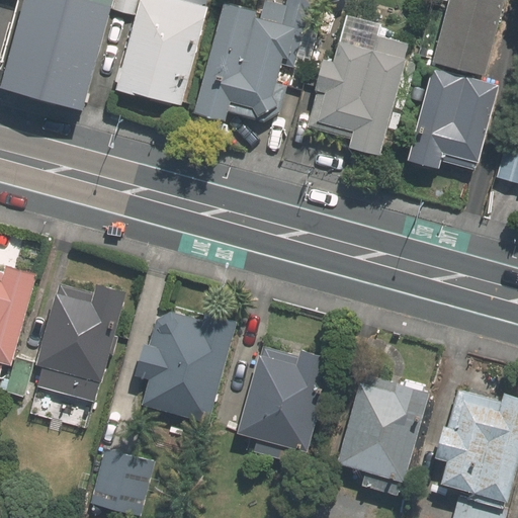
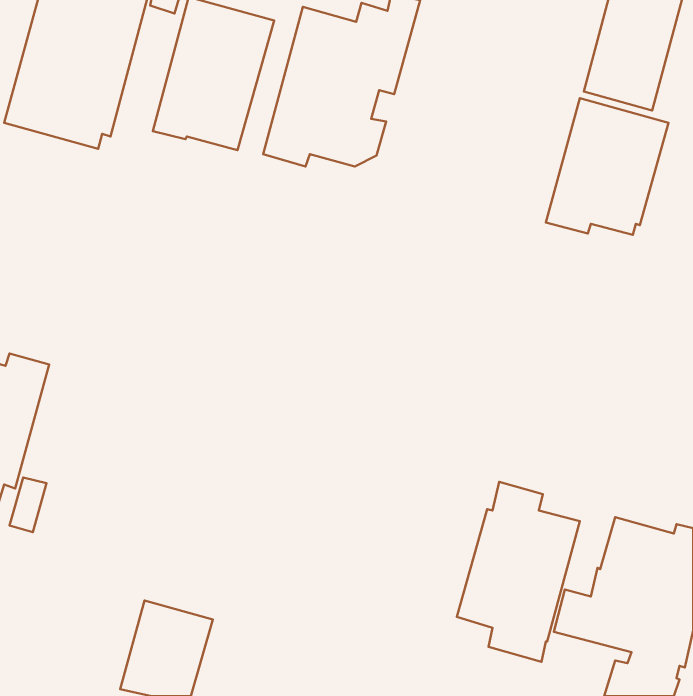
building: [307,36,406,155] -> none
building: [34,281,123,397] -> none
building: [136,307,237,428] -> none
building: [239,341,333,459] -> none

